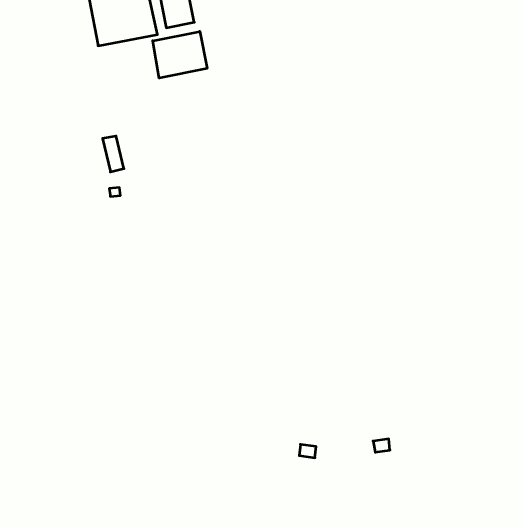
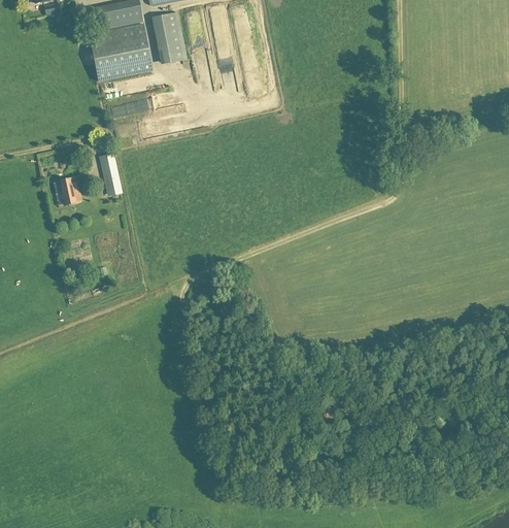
building: [153,31,207,78] -> none
building: none -> [55,176,81,206]

